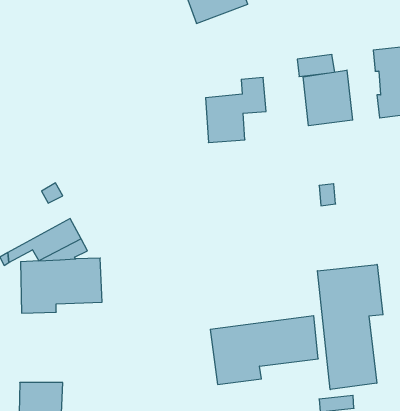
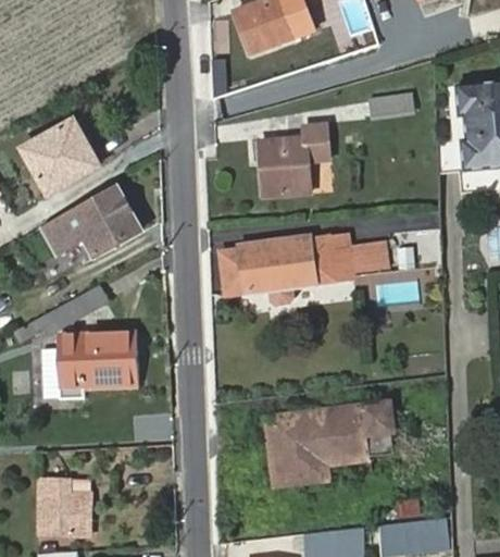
building: [303,70,353,126] -> none
building: none -> [22,120,101,195]
building: none -> [43,185,141,255]
building: none -> [218,233,388,305]
building: [317,264,383,390] -> none

